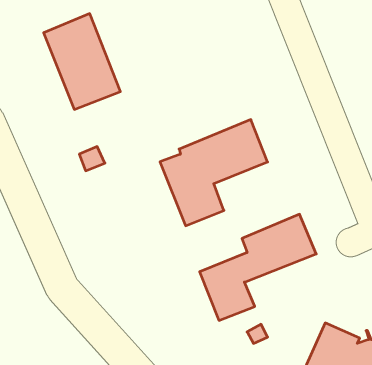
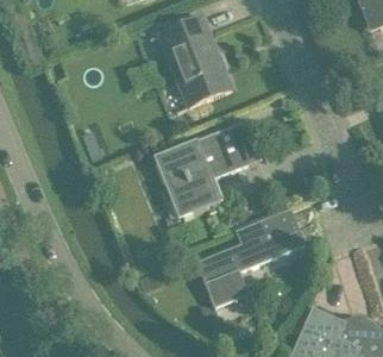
building: [44,14,120,109] -> [158,14,230,104]

